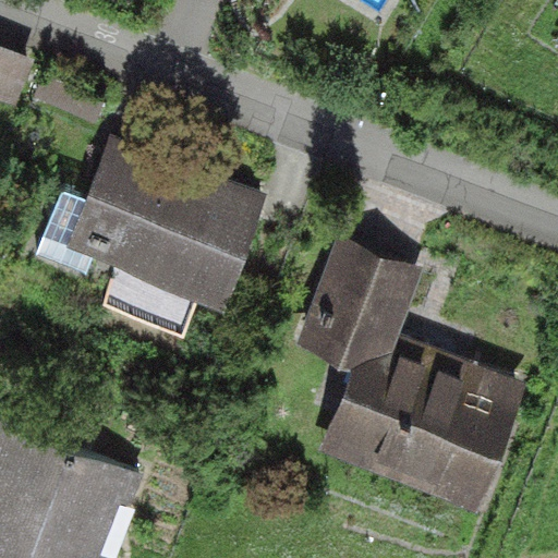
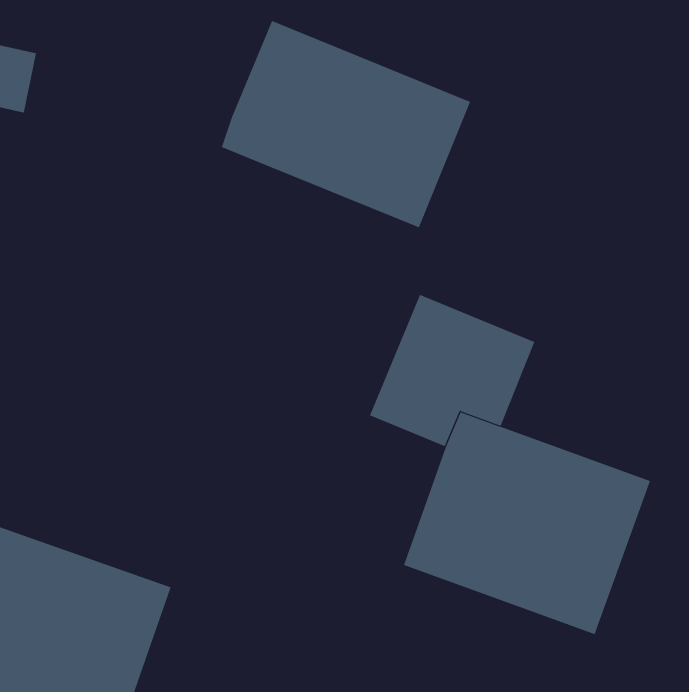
building: none -> [221,20,471,228]
building: [69,135,266,311] -> none

